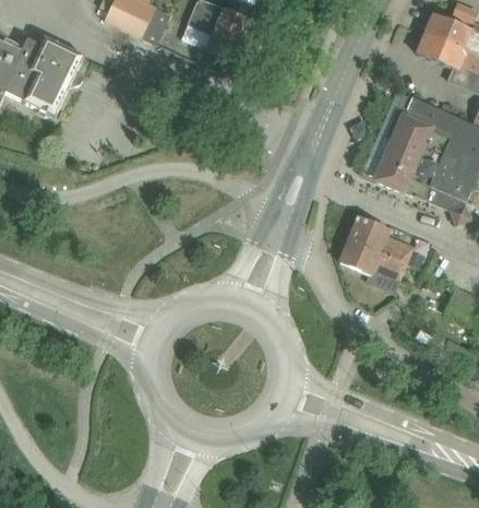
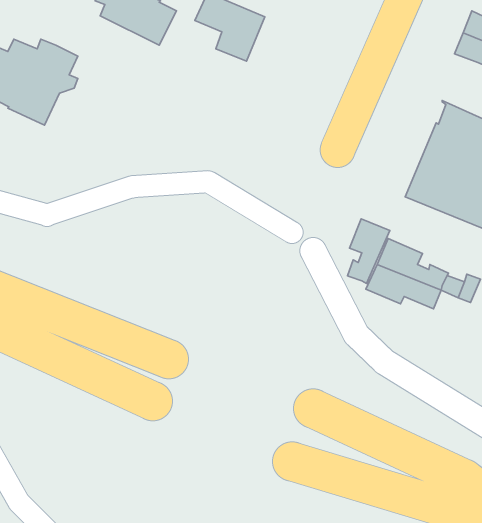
building: none -> [347,219,390,284]

